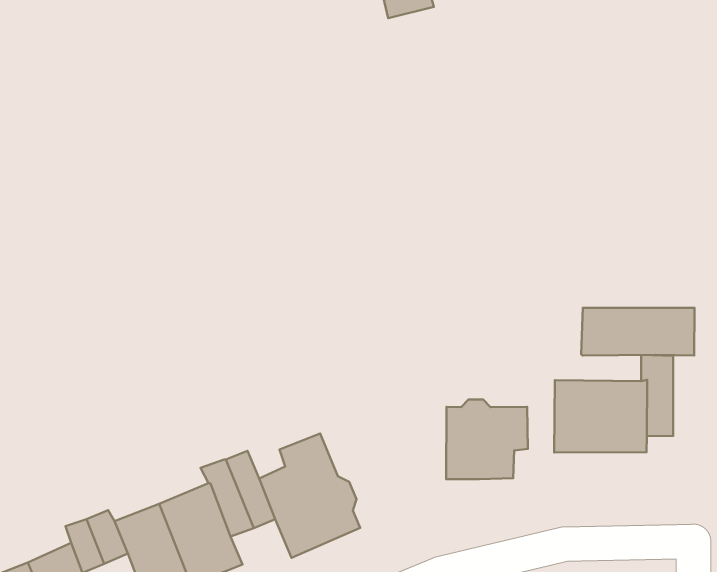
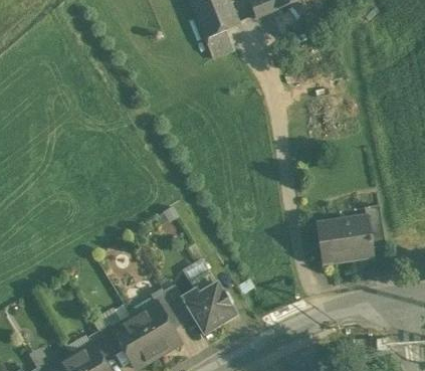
building: [581,308,694,356] -> none
building: [446,399,528,479] -> none

